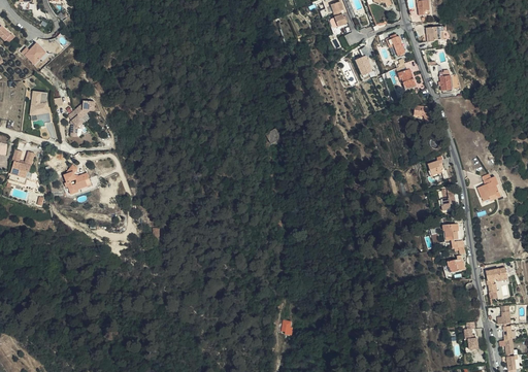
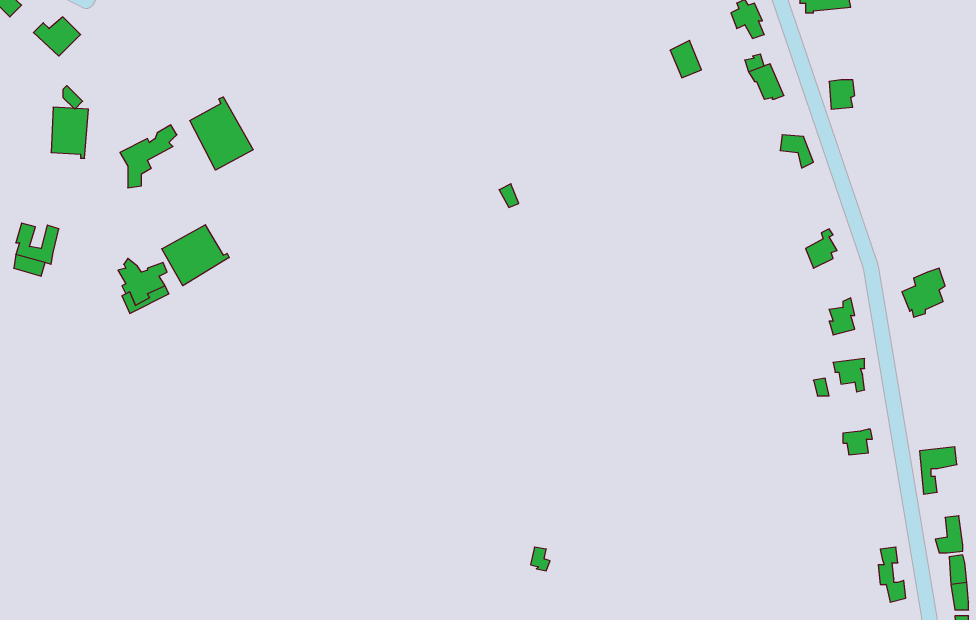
building: none -> [190,97,253,170]
building: none -> [162,225,229,286]

